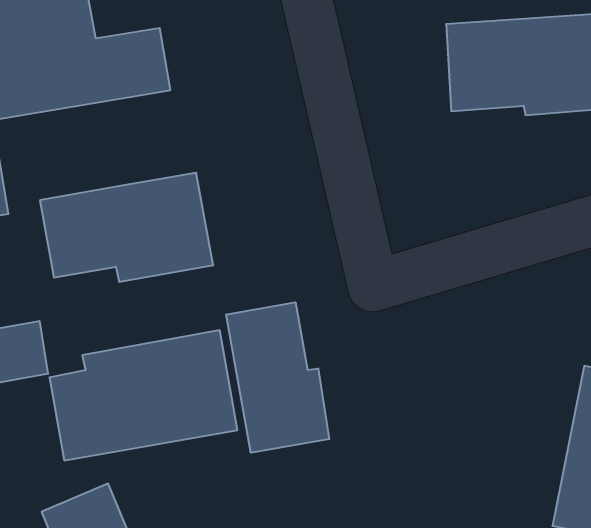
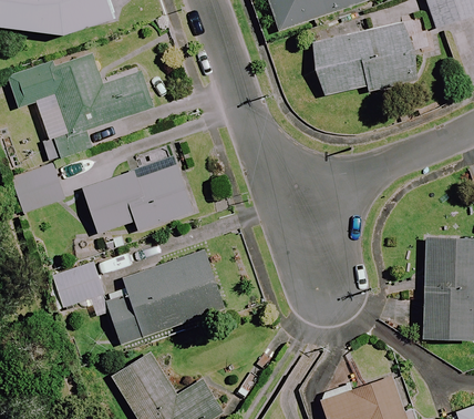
building: [226,302,329,453] -> none

